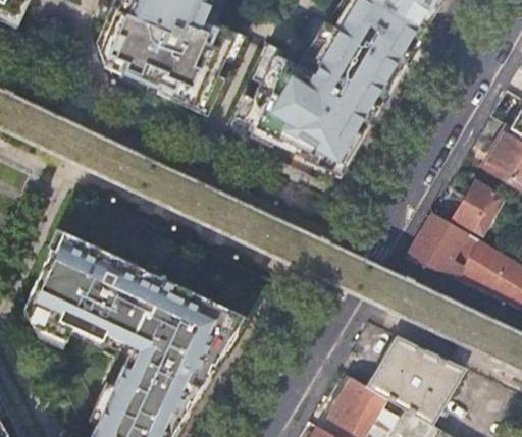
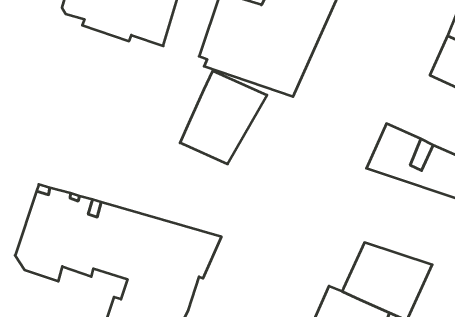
building: none -> [180,71,267,164]
building: [454,180,494,228] -> none

